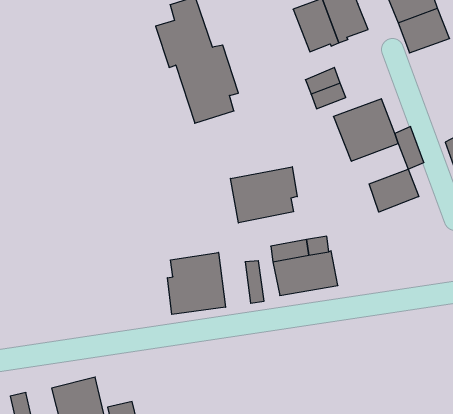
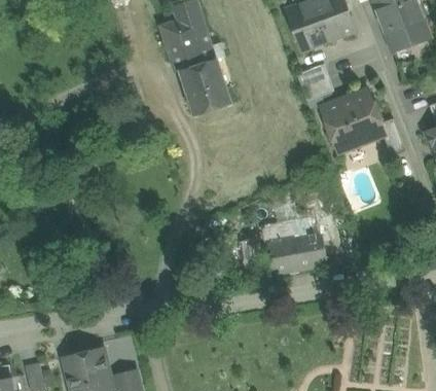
building: [230,167,297,223] -> none
building: [369,169,419,212] -> none
building: [167,252,226,314] -> none

